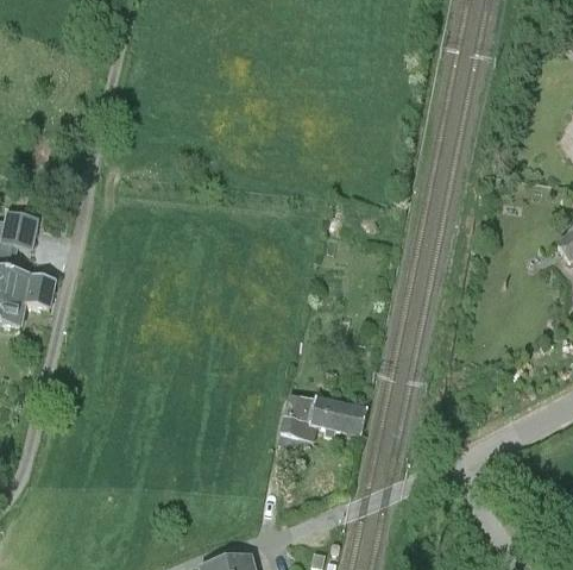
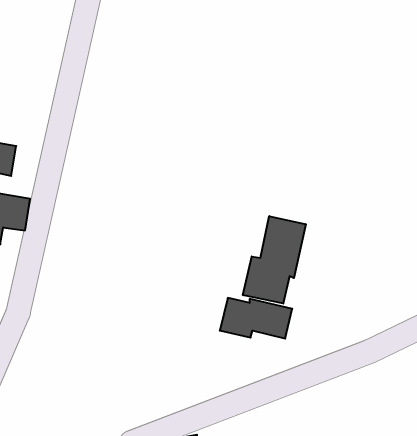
building: none -> [243,216,306,304]

